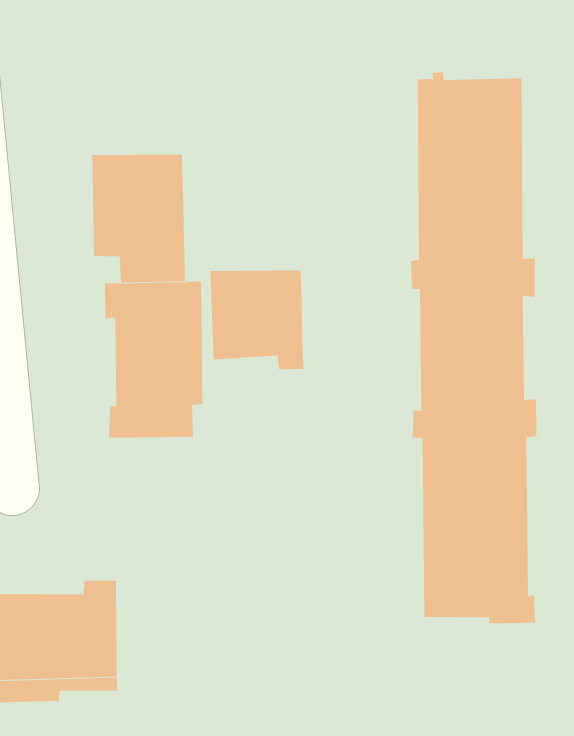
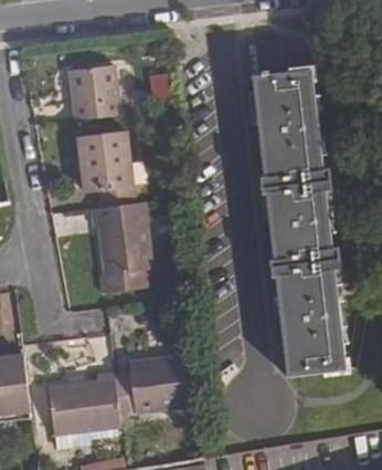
building: none -> [68,64,119,117]
building: [210,269,304,370] -> none
building: none -> [114,352,201,414]

